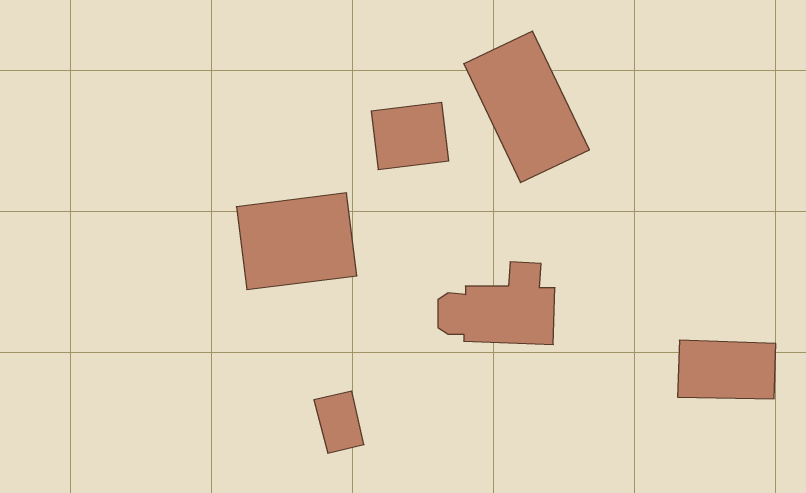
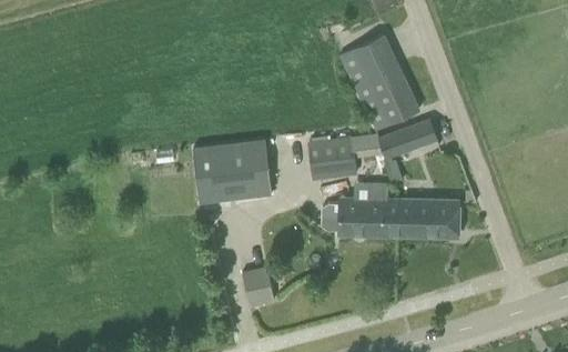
building: [371,102,449,170] -> [307,138,357,181]
building: none -> [379,120,437,159]
building: [678,340,776,399] -> [396,200,459,238]

